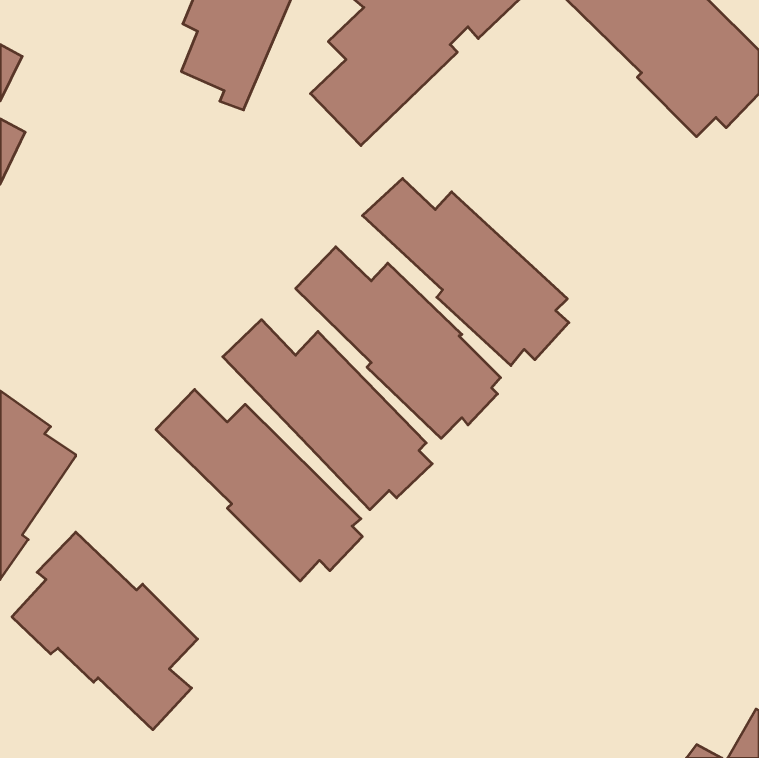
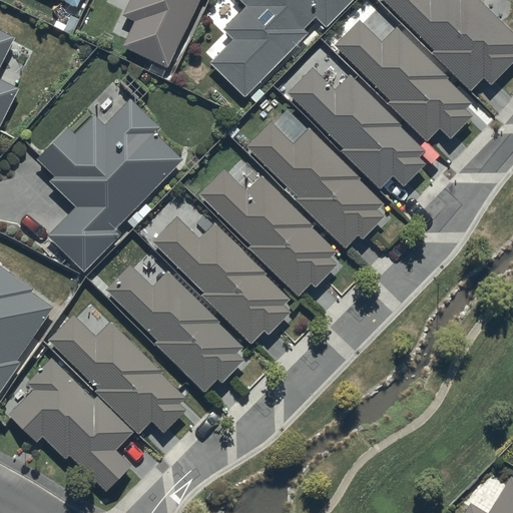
building: none -> [334,18,472,141]
building: none -> [288,69,424,190]
building: none -> [37,98,181,272]
building: none -> [44,304,185,434]

